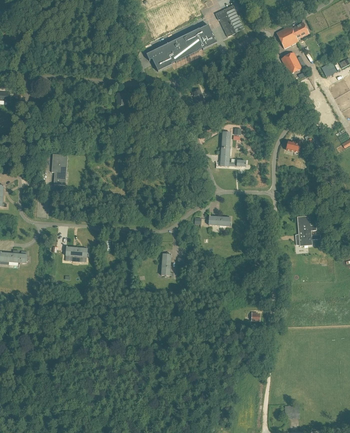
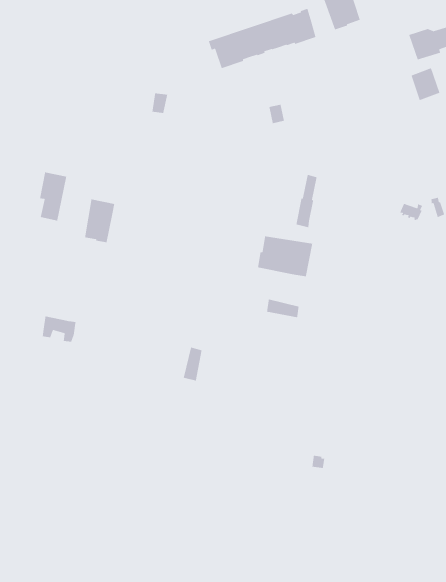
building: none -> [84,198,115,243]
building: none -> [257,235,313,277]
building: [293,214,317,245] -> none

